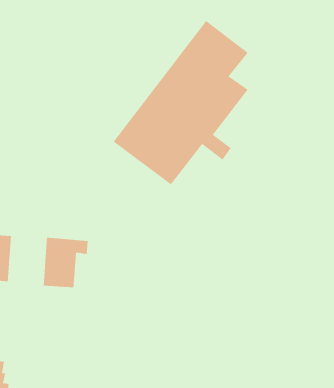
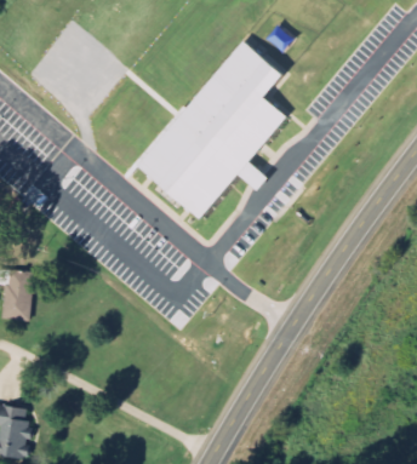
building: [43,237,88,288] -> none

